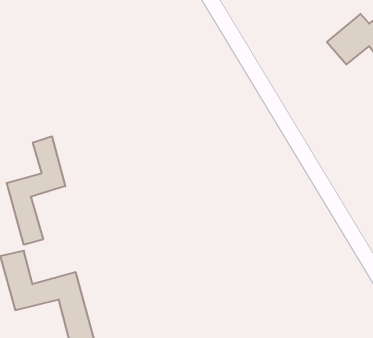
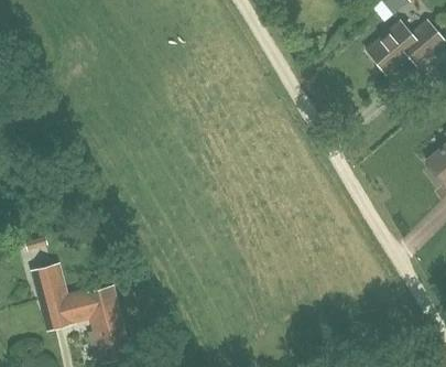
building: [7,136,65,245] -> none

